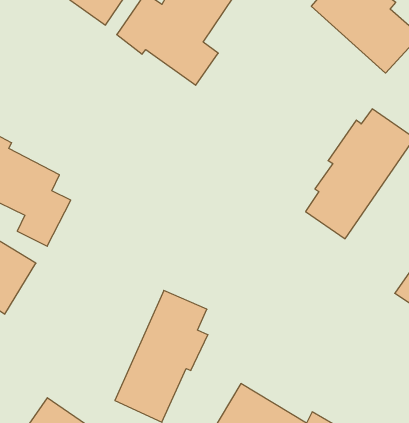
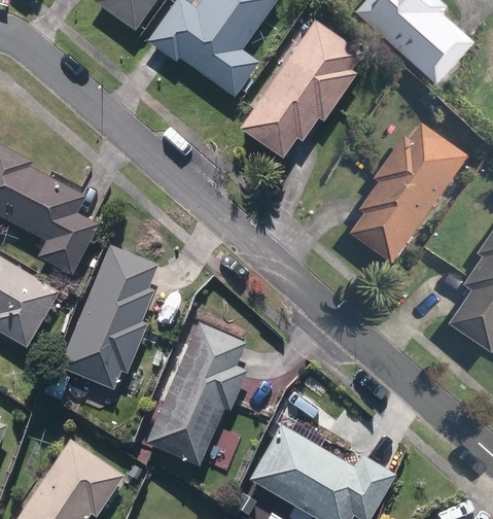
building: none -> [239,20,362,158]
building: none -> [59,243,157,389]

